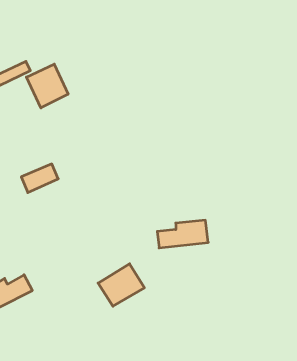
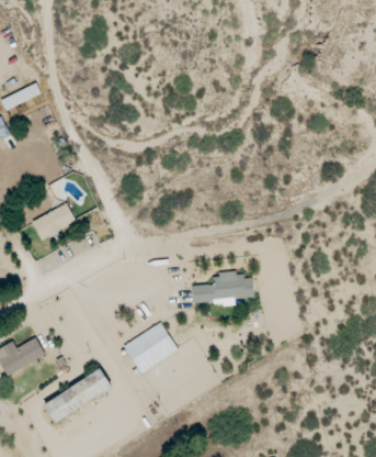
building: [26,64,68,108] -> none
building: none -> [44,367,112,422]

